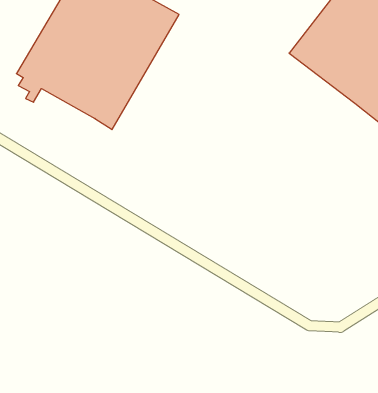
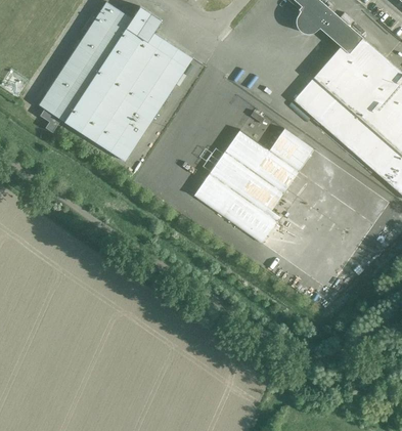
building: none -> [194,129,315,246]

